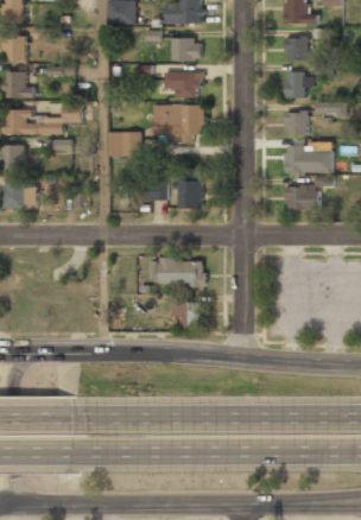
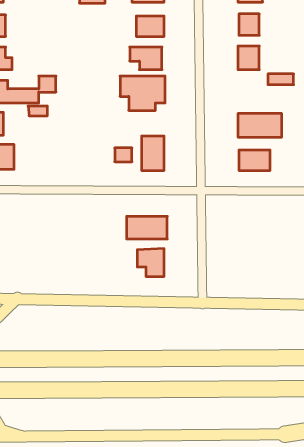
building: [284,112,306,134] -> none
building: [108,133,138,156] -> none

